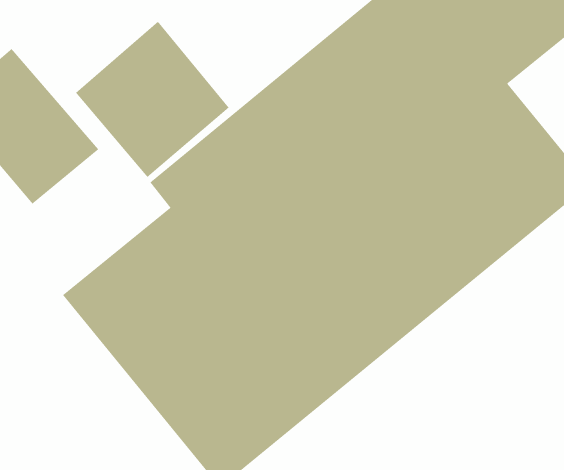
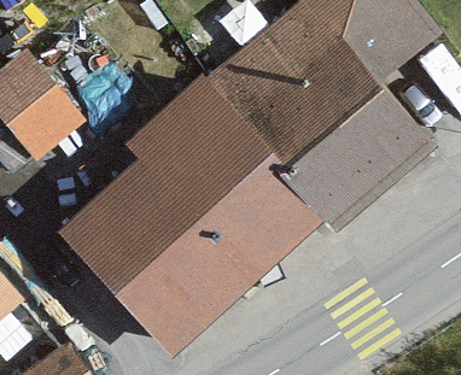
building: [75,21,230,178] -> none

